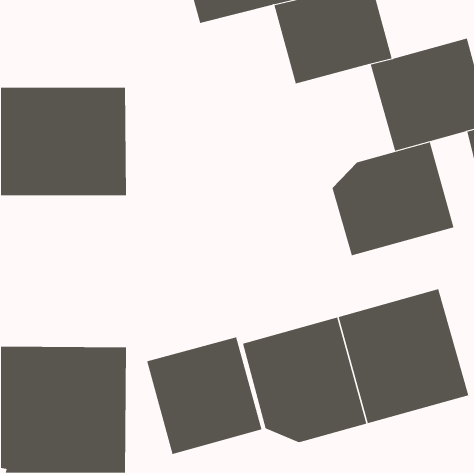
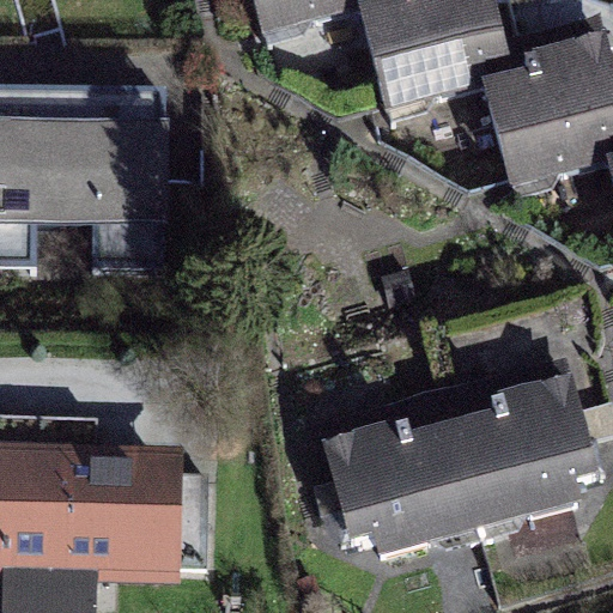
building: [332,142,454,256] -> none
building: [146,336,262,455] -> none

